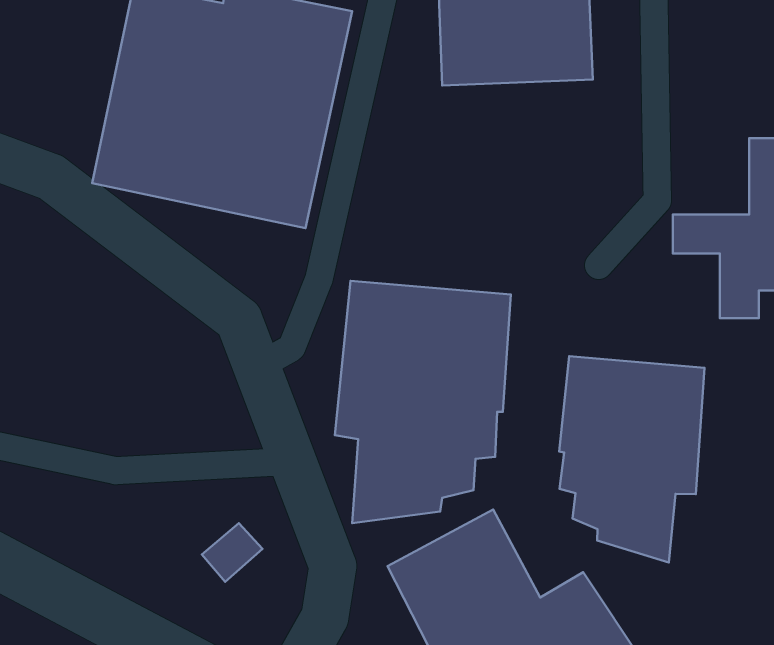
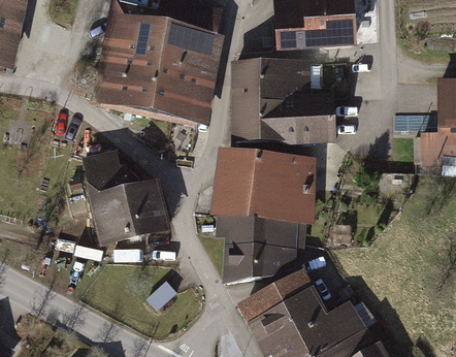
building: none -> [234,61,331,140]
building: none -> [83,152,169,242]
building: [559,356,704,562] -> none

